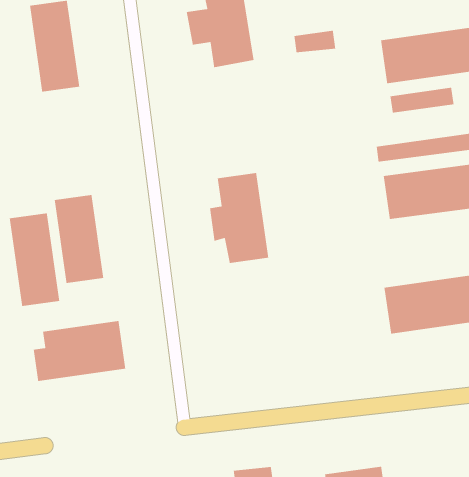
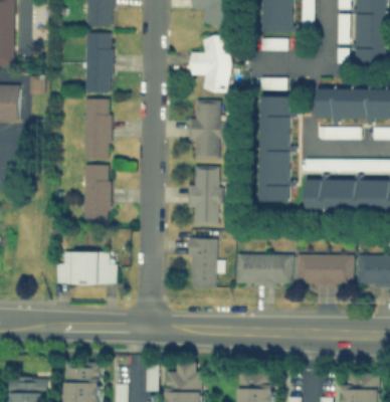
building: none -> [258,97,290,203]
building: none -> [187,99,223,160]
building: [9,213,60,307] -> [84,98,111,159]
building: none -> [187,238,223,288]
building: none -> [234,253,290,286]

